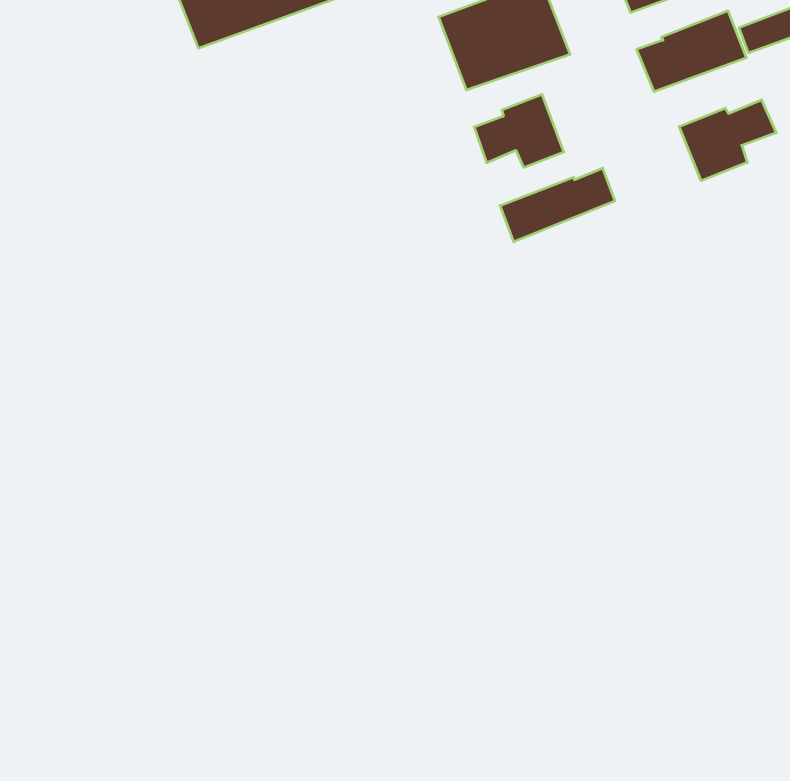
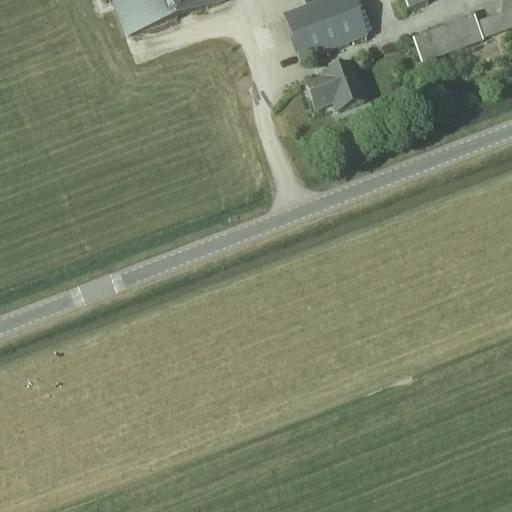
building: [679,100,776,181] -> none
building: [500,168,615,242] -> none

